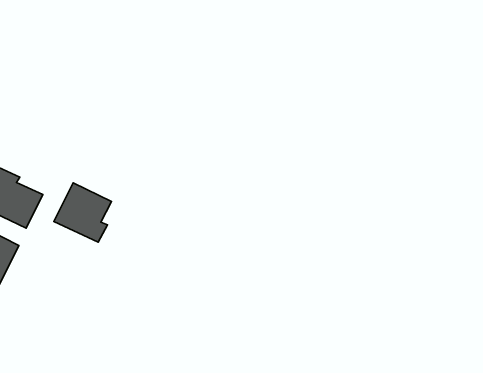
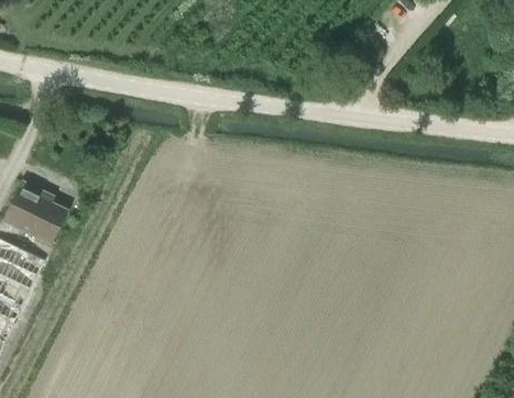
building: [54,183,112,242] -> none

